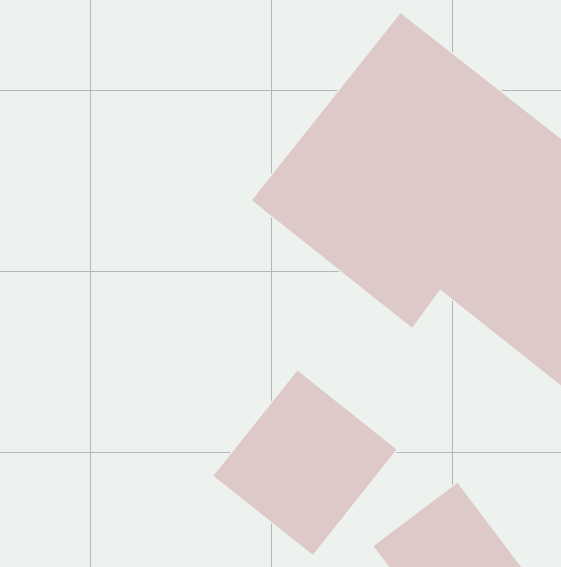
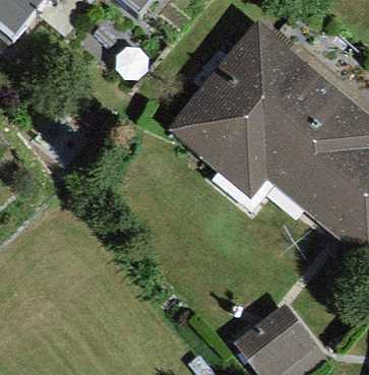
building: [212,370,398,556] -> none

